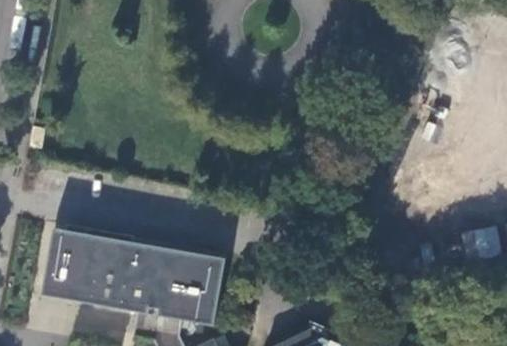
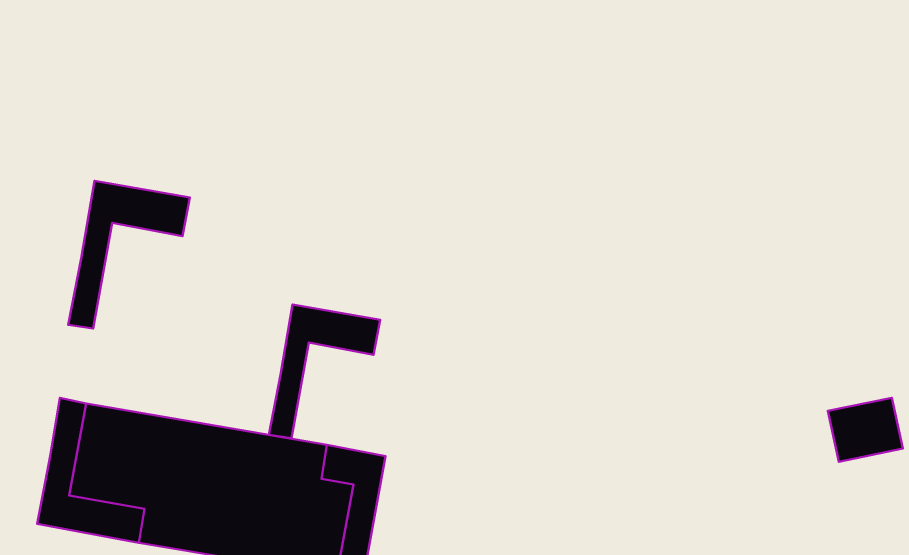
building: none -> [68,181,190,328]
building: none -> [269,305,380,438]

